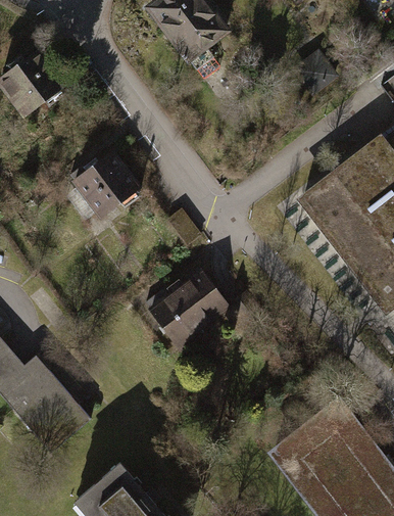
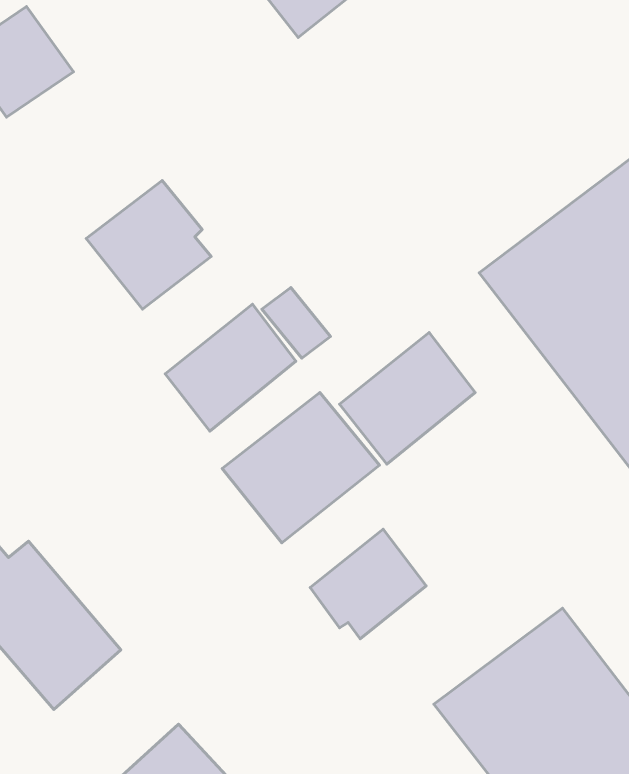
building: none -> [165,304,296,431]
building: none -> [339,332,475,464]
building: none -> [310,529,426,639]

